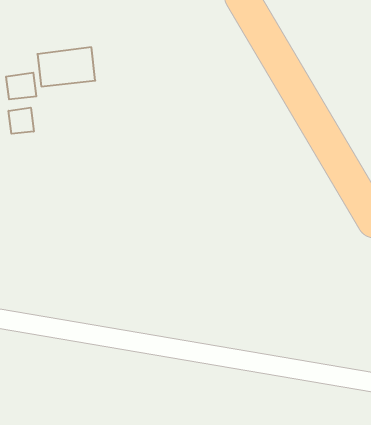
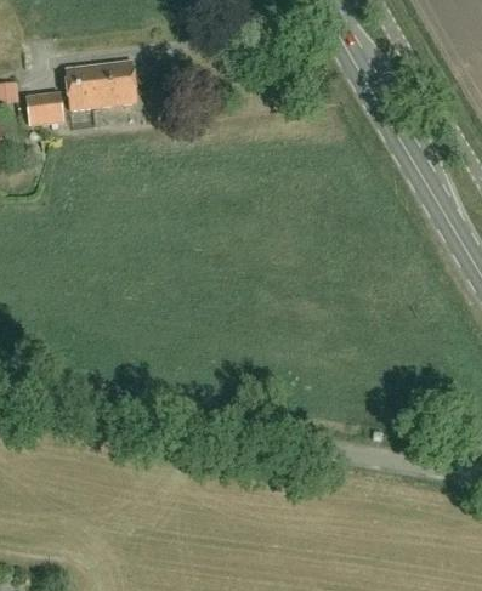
building: [9,108,34,134] -> none

